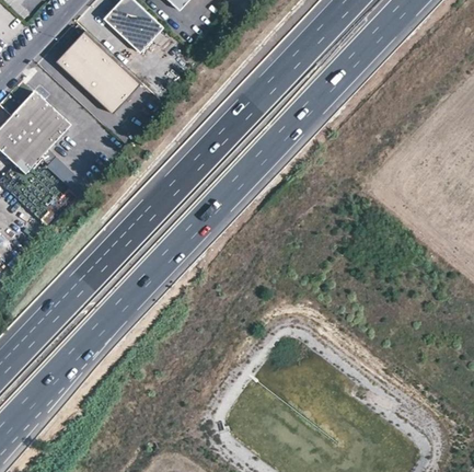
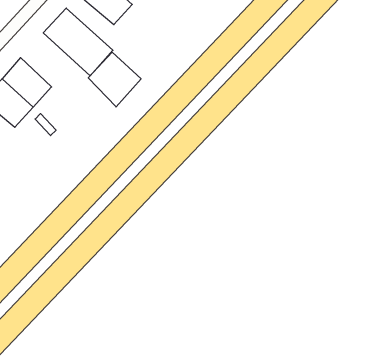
building: none -> [88,52,141,107]

